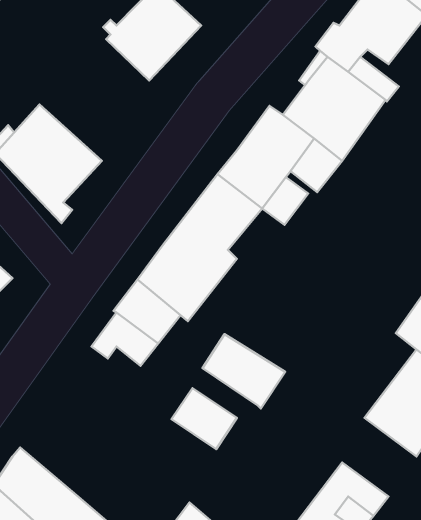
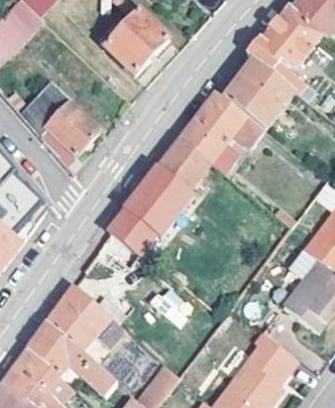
building: [203,334,285,408] -> none
building: none -> [45,285,129,356]

